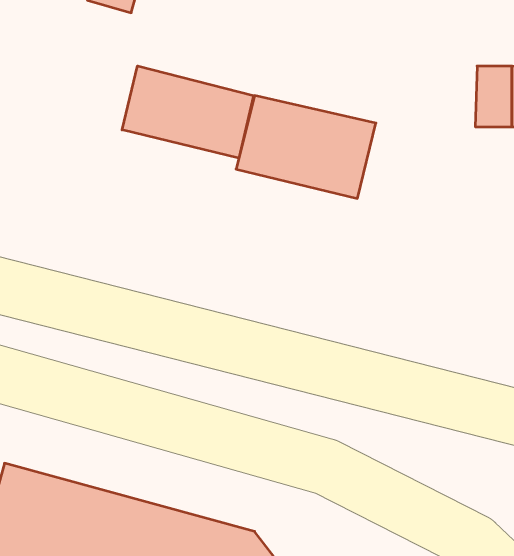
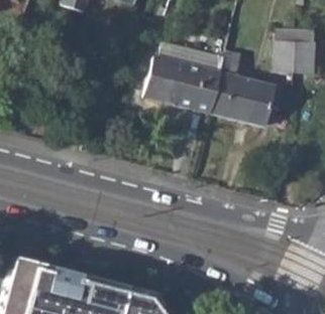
building: [122,66,254,158] -> none
building: none -> [211,50,275,125]

